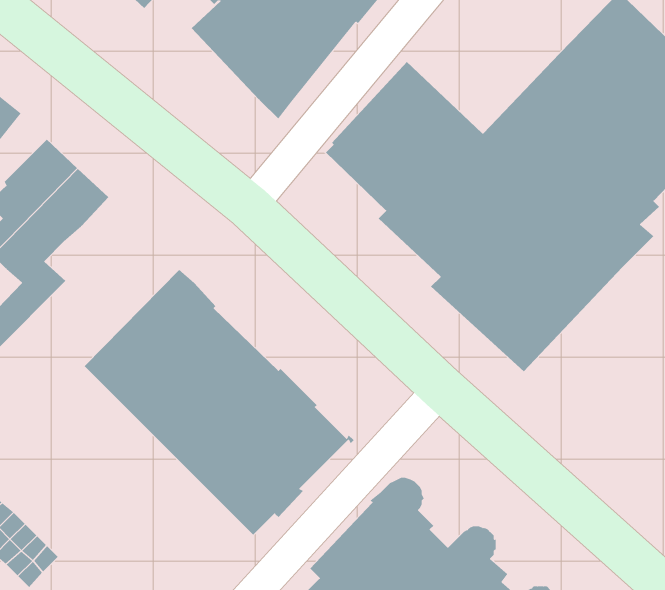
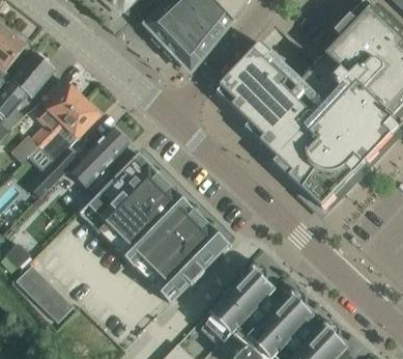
building: none -> [68,127,129,191]

